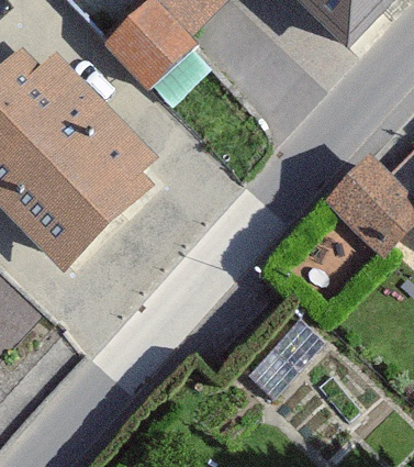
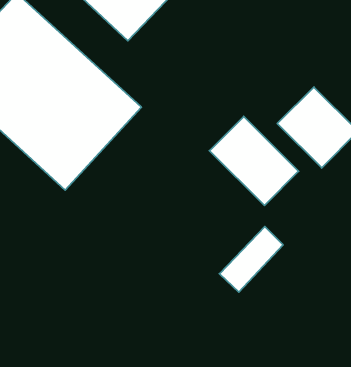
building: none -> [209,116,299,205]

